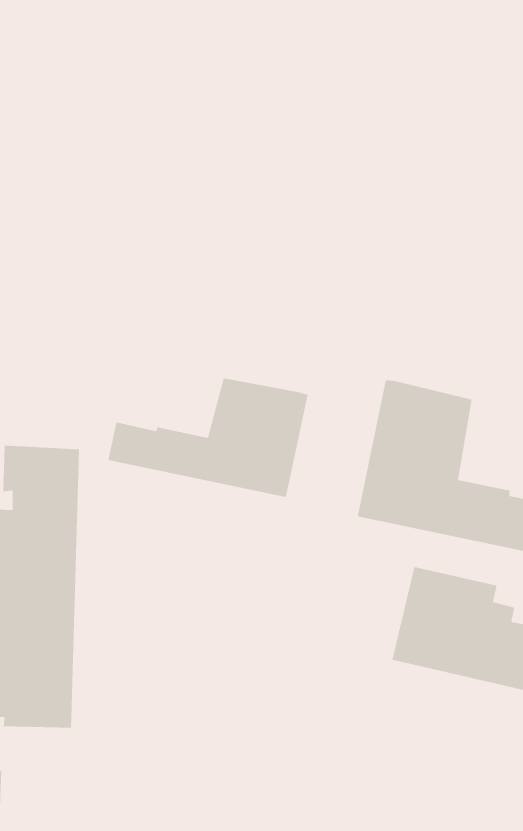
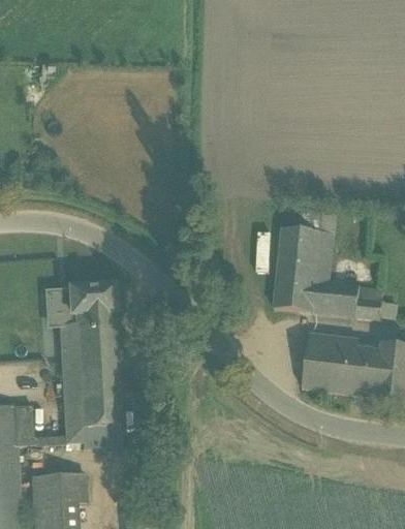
building: [107,378,309,498] -> none

